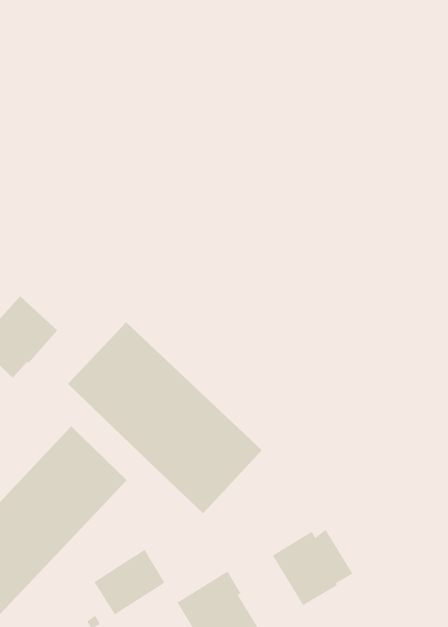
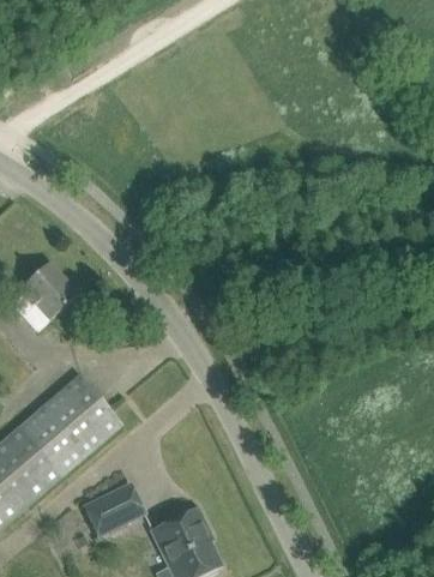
building: [67,321,263,514] -> none
building: [272,529,354,606] -> none

